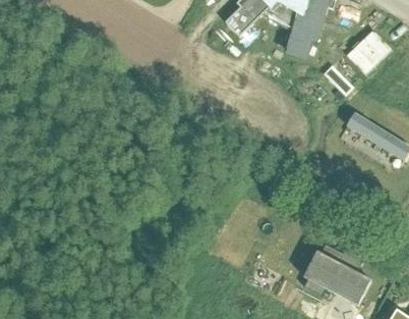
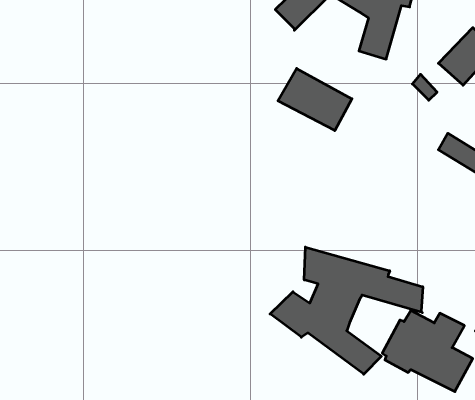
building: none -> [278,68,352,131]
building: none -> [270,247,423,374]

